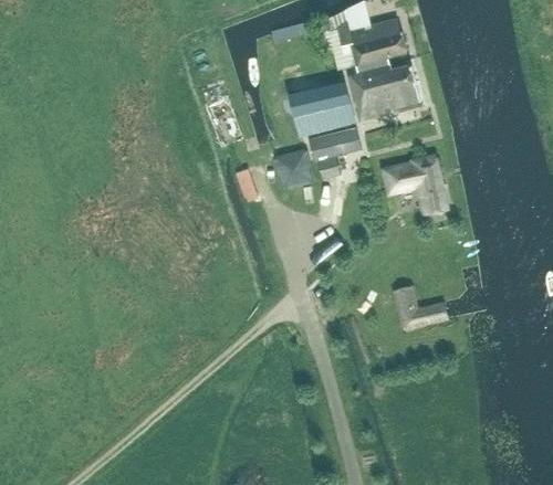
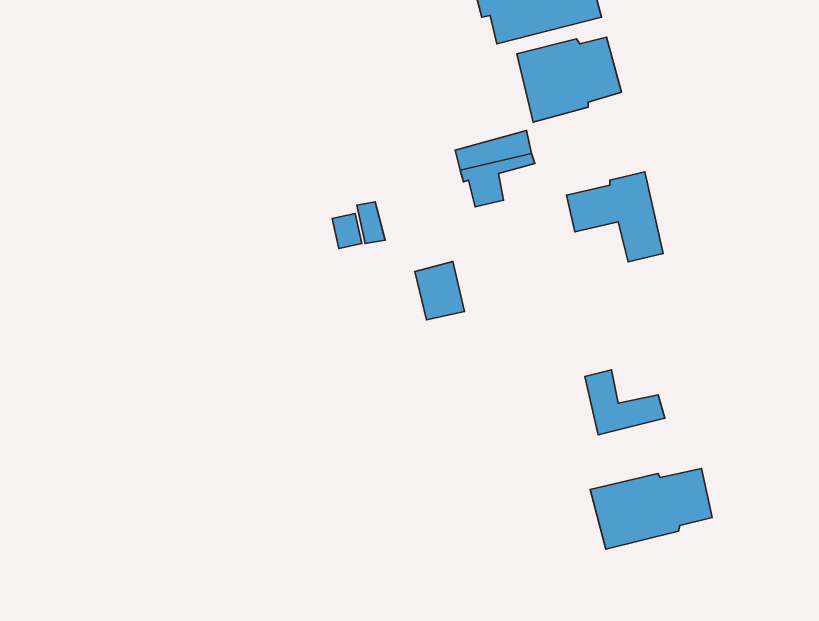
building: [290,81,356,135] -> none
building: [271,154,304,192] -> [415,262,465,320]
building: none -> [590,469,712,549]

